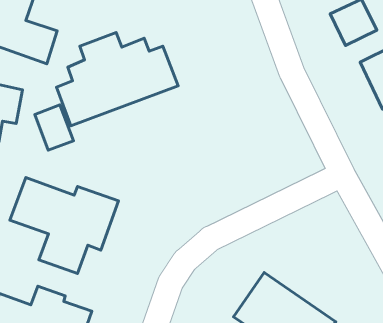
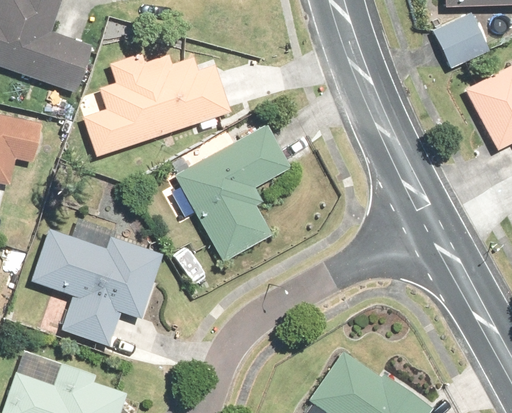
building: none -> [174,120,294,263]
building: [35,105,73,150] -> none

